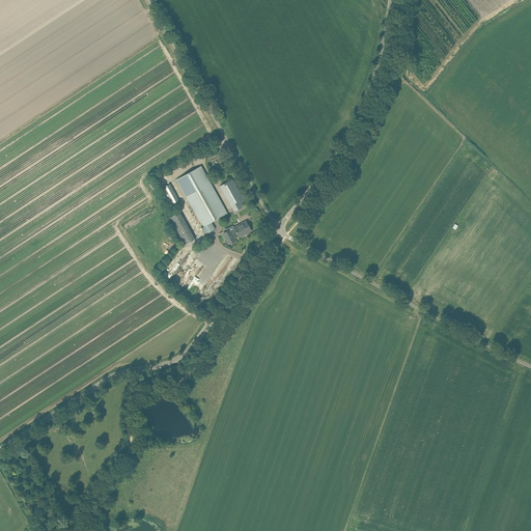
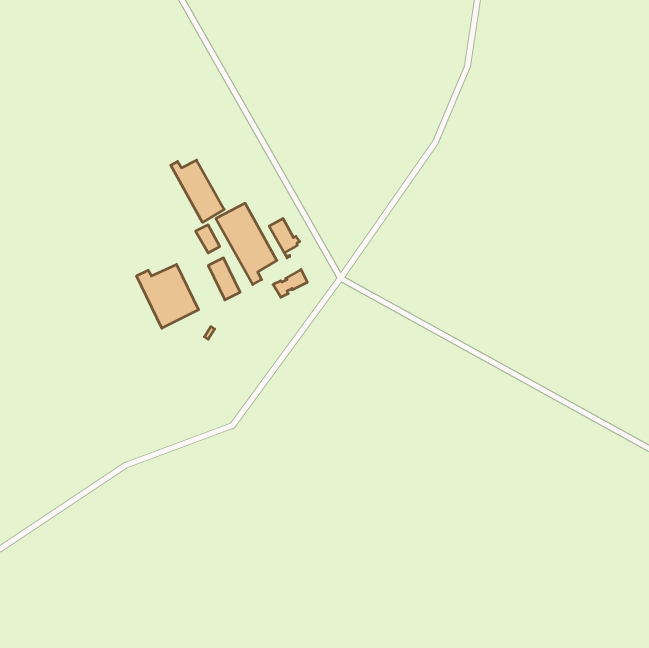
building: none -> [171,160,224,222]
building: none -> [137,264,199,328]

